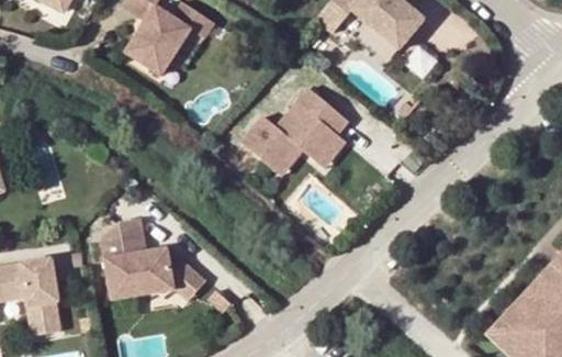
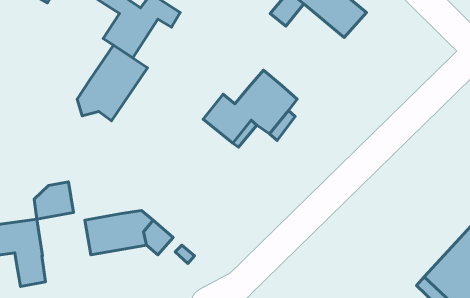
building: none -> [77,45,147,121]
building: [102,216,147,259] -> [34,182,73,219]

